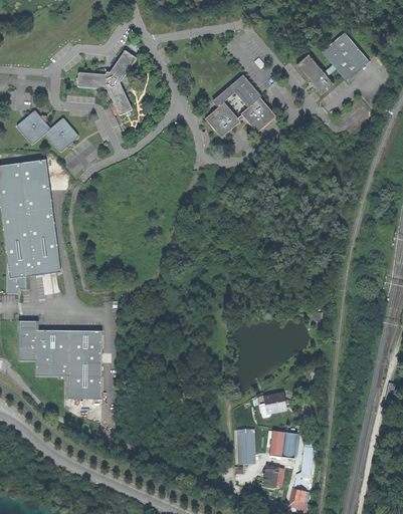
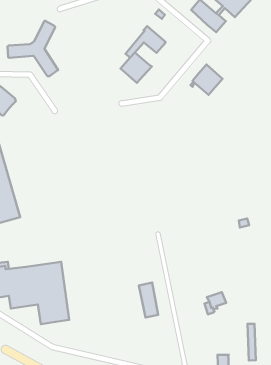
building: [237,97,275,133] -> [191,65,223,95]
building: [236,424,253,463] -> [139,282,158,318]
building: [268,431,296,458] -> none

